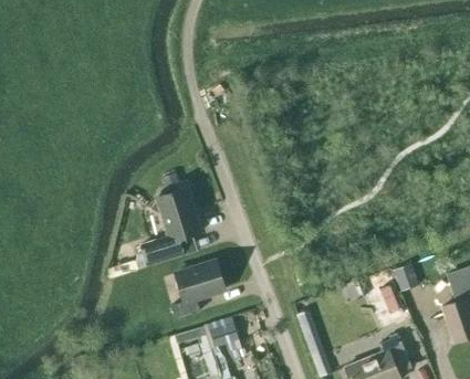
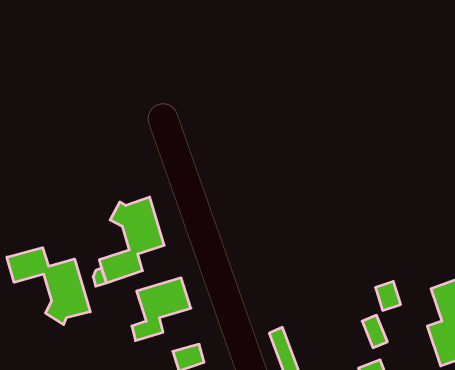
building: none -> [7,248,90,325]

